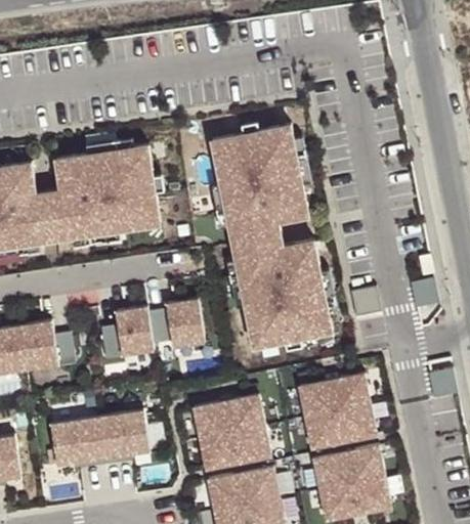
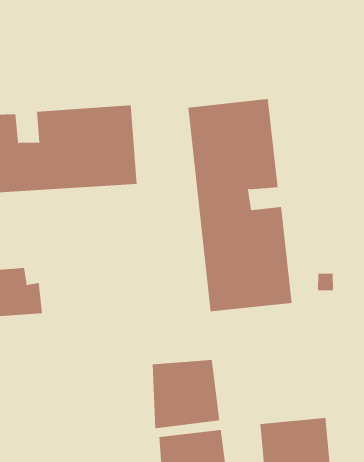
building: [100,297,205,362] -> none
building: [297,376,376,450] -> none
building: [48,411,148,470] -> none

